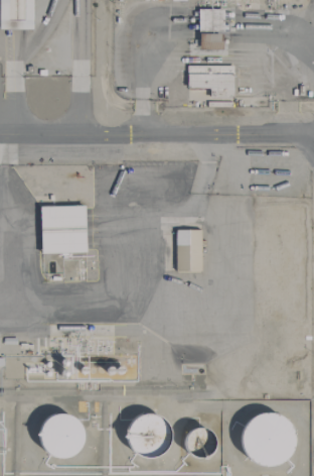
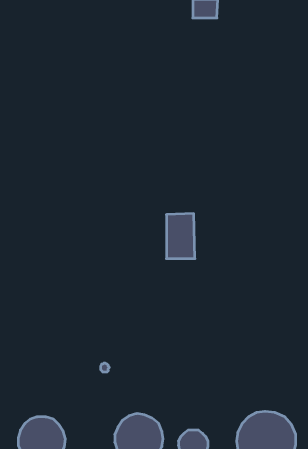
building: [188,65,234,98] -> none
building: [41,205,88,253] -> none

